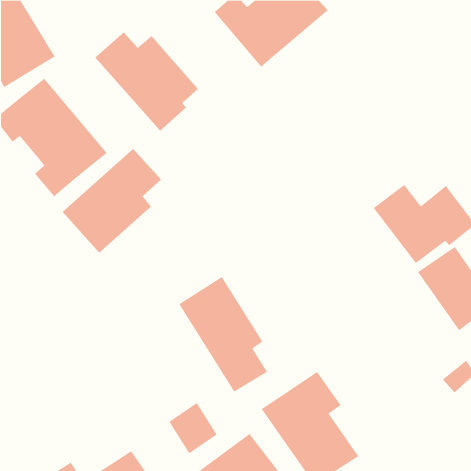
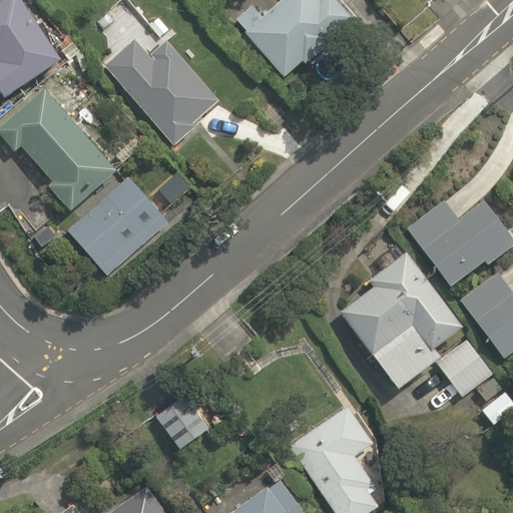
building: none -> [343,251,453,384]
building: [178,276,268,393] -> none
building: none -> [433,339,493,400]
building: [168,402,218,454] -> [155,394,208,450]

